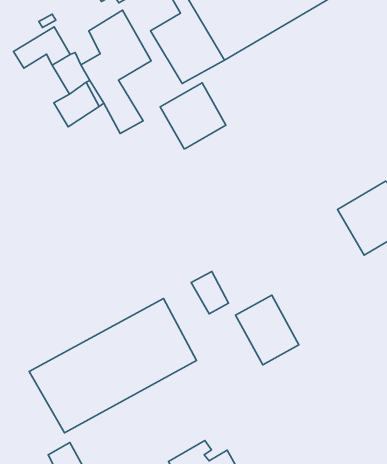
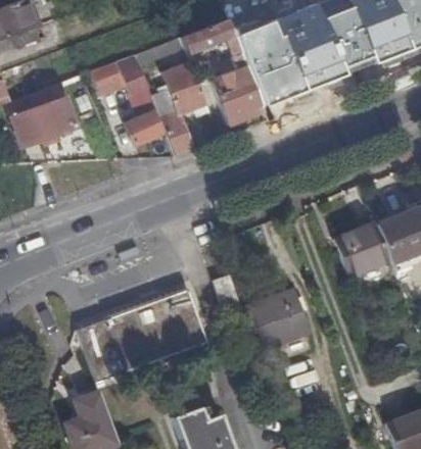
building: [160,83,226,149] -> none
building: none -> [274,291,311,341]

